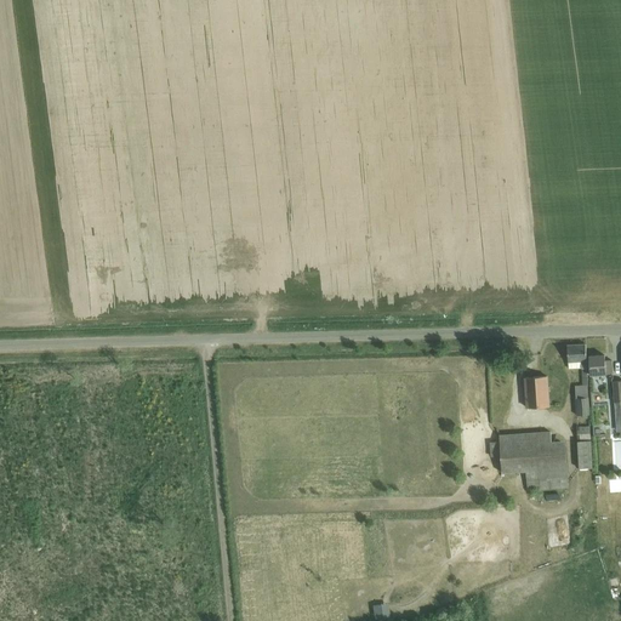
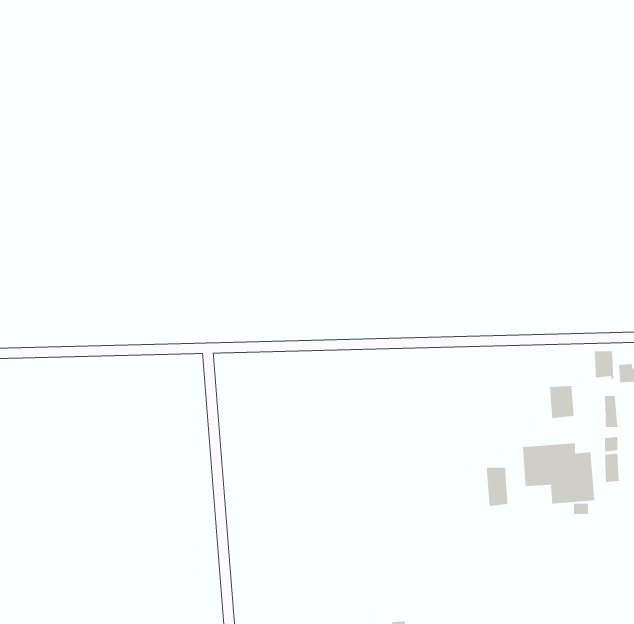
building: none -> [486,467,508,507]

